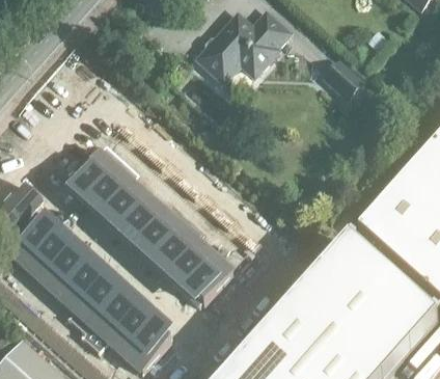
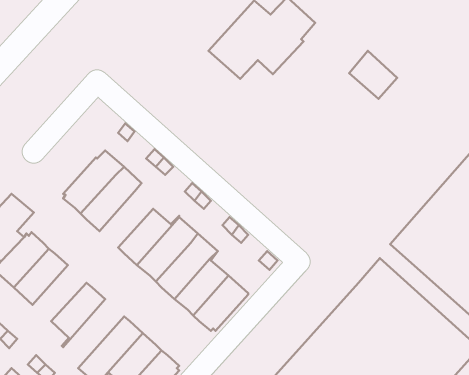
building: [102,170,149,227] -> none
building: [43,243,90,293] -> none
building: [70,273,123,334] -> none

